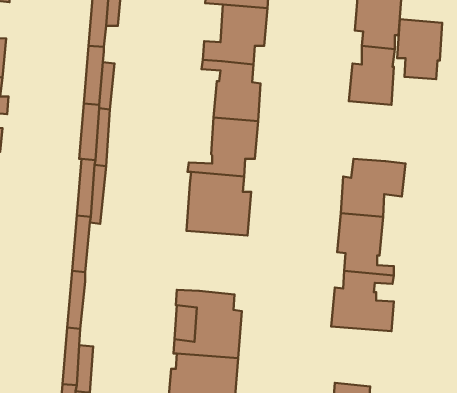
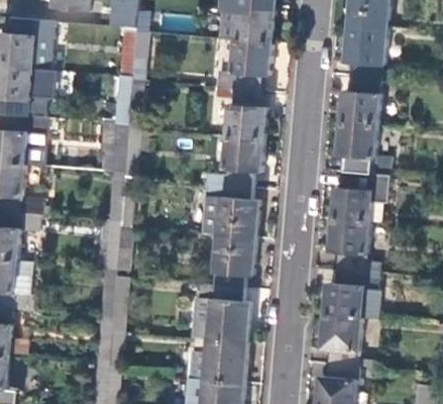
building: [397,19,442,79] -> [339,121,377,173]
building: none -> [213,233,254,287]
building: none -> [323,314,362,366]

